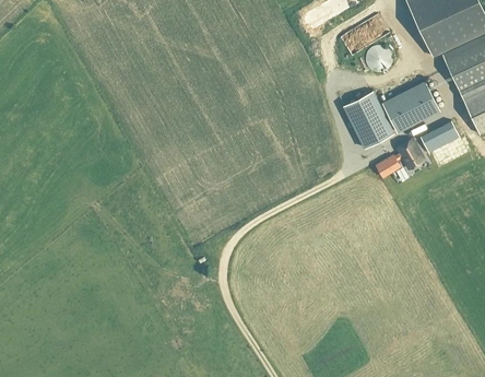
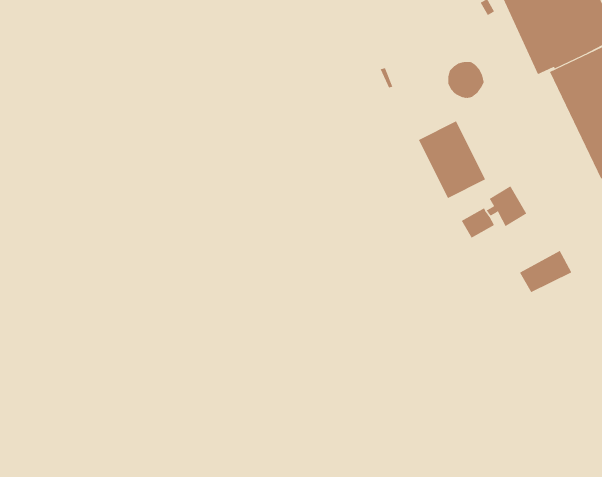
building: [381,82,439,132] -> none
building: [419,121,459,153] -> [519,250,572,293]

